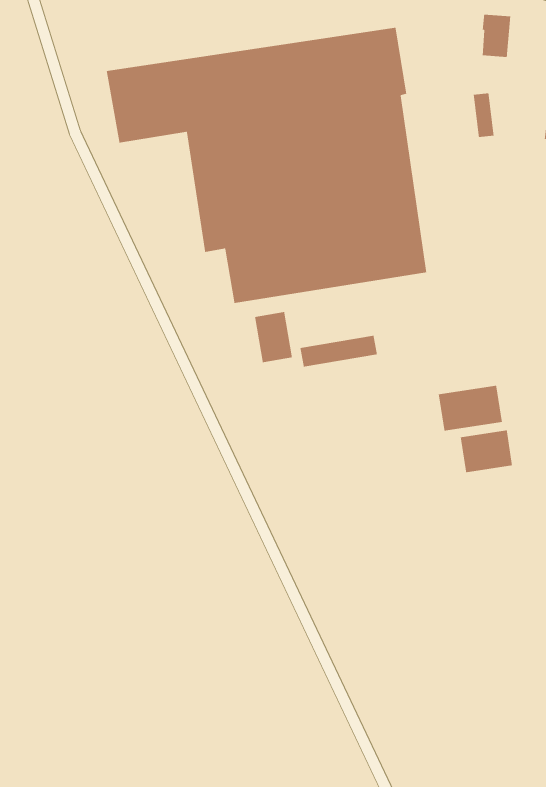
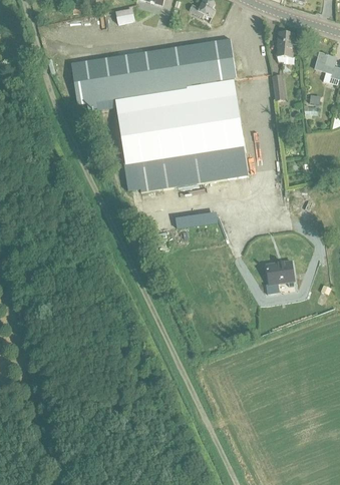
building: [254,311,293,363] -> none
building: [438,385,503,432] -> none

